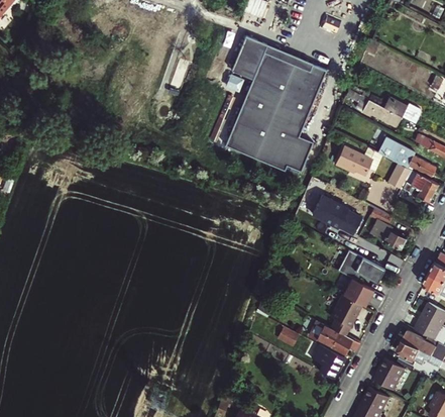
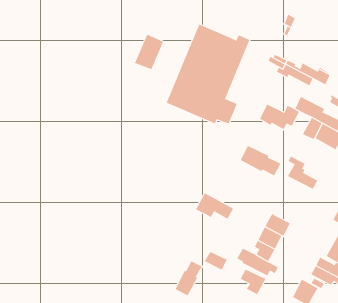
building: [230,35,265,79] -> [134,34,163,70]
building: [337,250,383,283] -> [195,193,234,219]
building: none -> [175,260,202,296]

